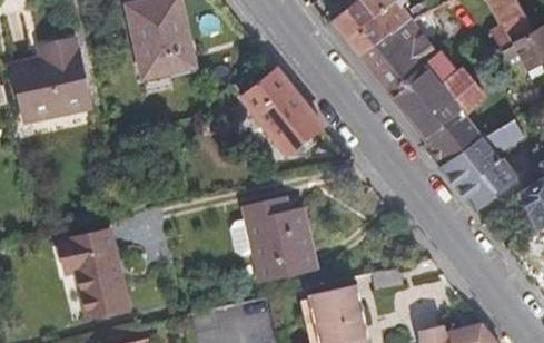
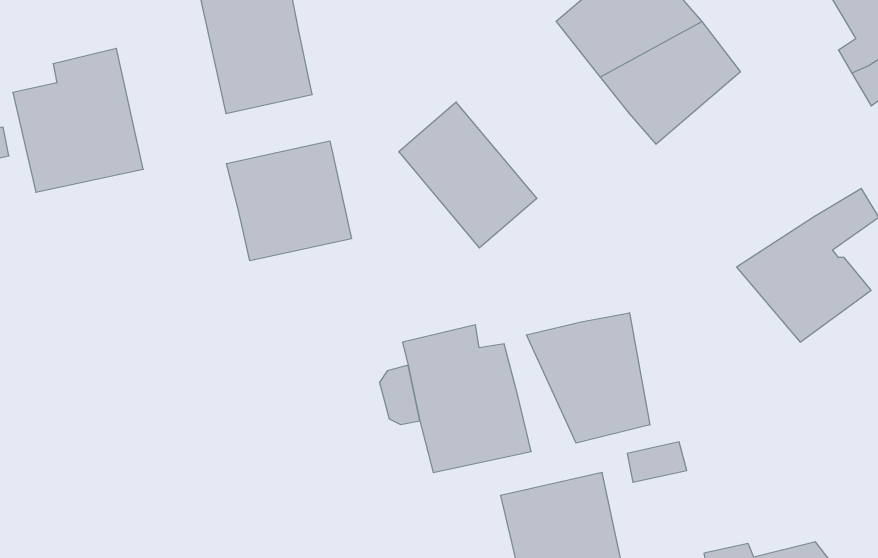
building: [389,50,483,164] -> none
building: none -> [226,141,351,261]
building: none -> [526,313,650,443]
building: [60,229,130,316] -> none

